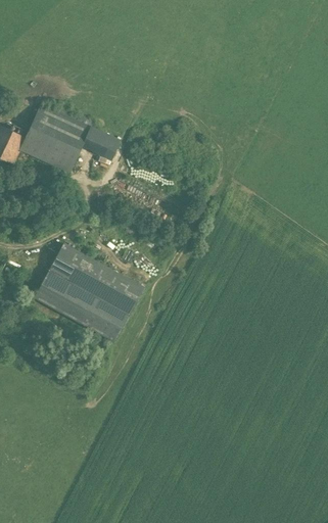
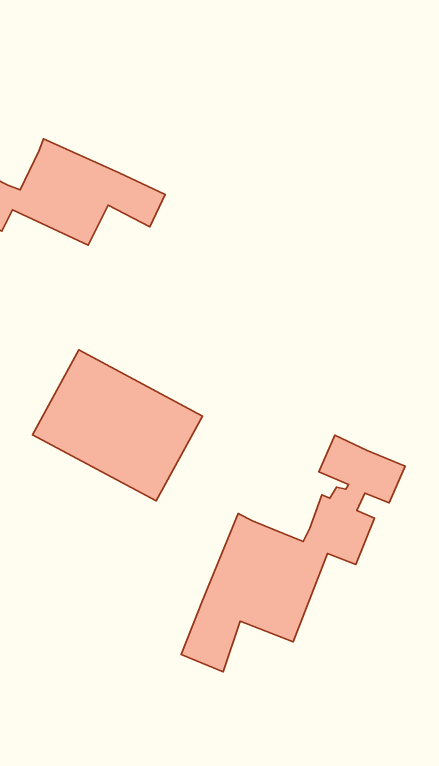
building: none -> [181,435,405,672]

